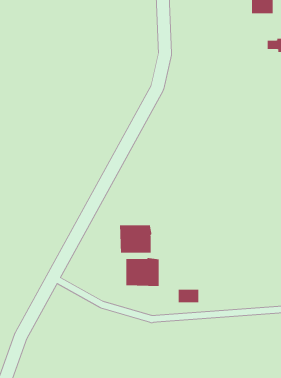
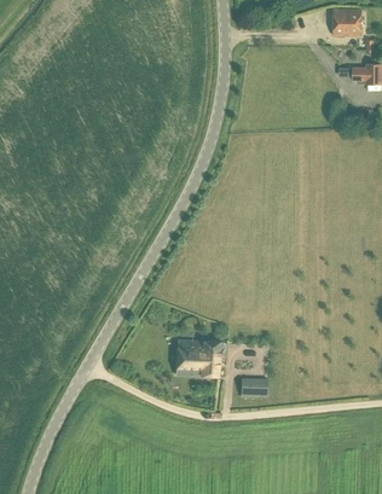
building: [119,225,152,253] -> none

